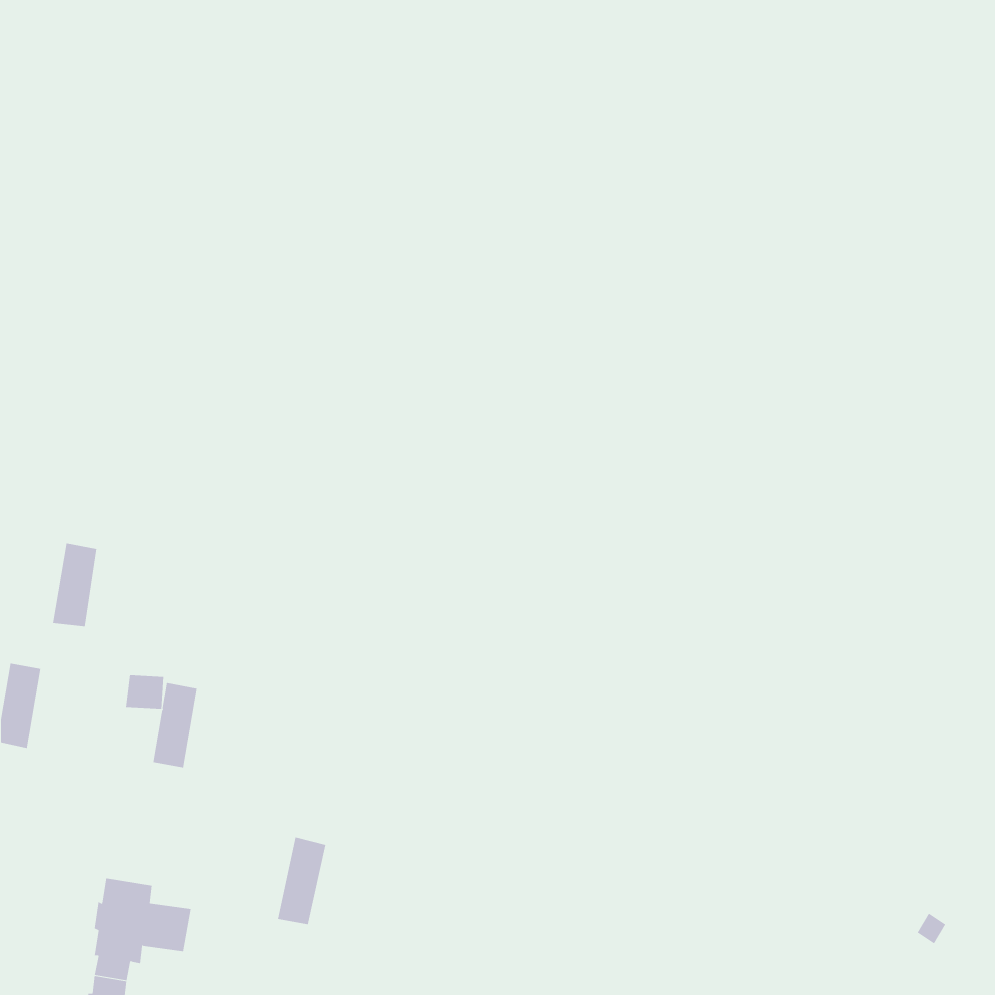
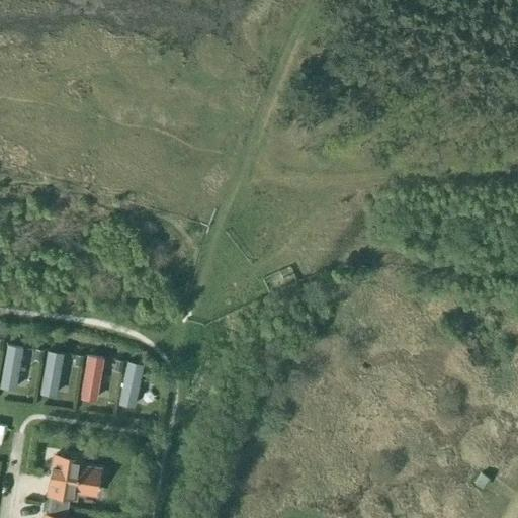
building: [52,543,97,627] -> [40,352,64,396]
building: [277,837,326,925] -> [119,361,145,407]

